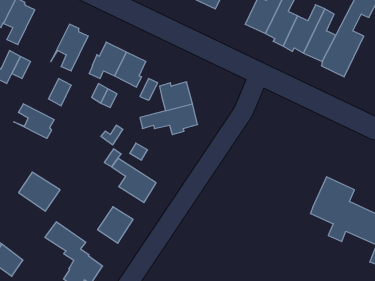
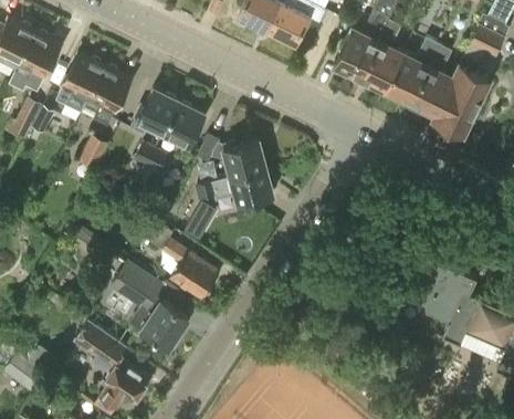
building: none -> [57,54,106,113]
building: [14,104,54,138] -> none
building: [19,172,60,211] -> [111,258,165,308]

